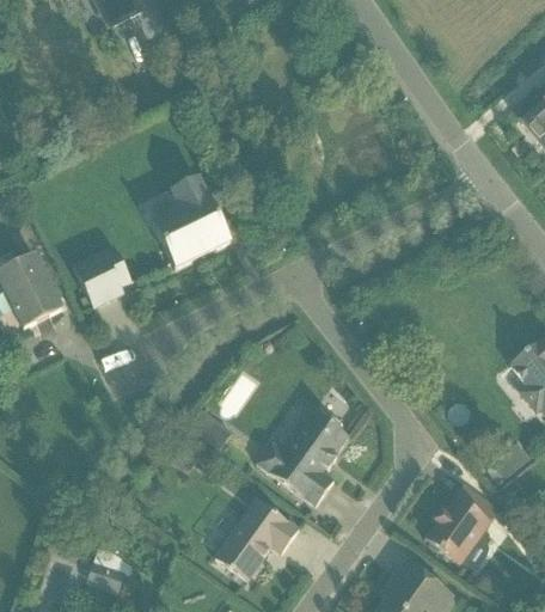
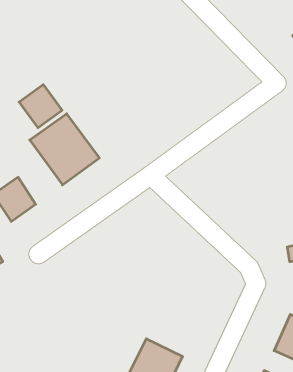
building: none -> [19,85,62,128]
building: [255,408,350,504] -> none

